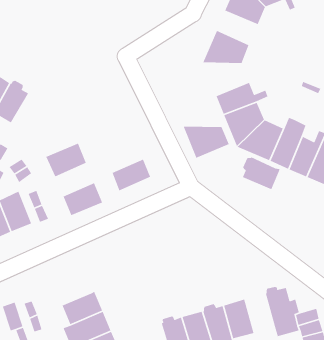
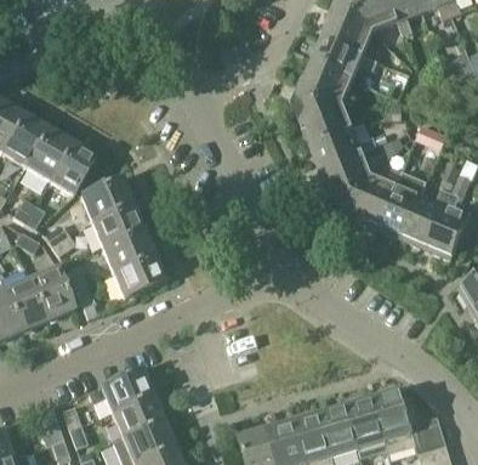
building: none -> [311,35,379,79]
building: none -> [47,141,95,194]
building: none -> [80,177,133,222]
building: [183,126,230,159] -> [292,102,353,144]
building: [242,156,281,190] -> none
building: [111,158,151,192] -> [103,231,154,273]
building: none -> [89,368,154,413]
building: none -> [347,396,385,449]

